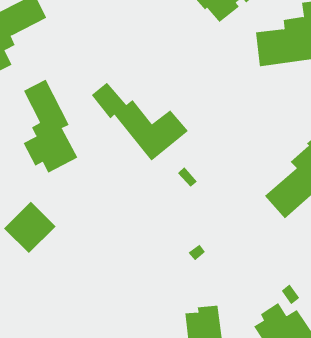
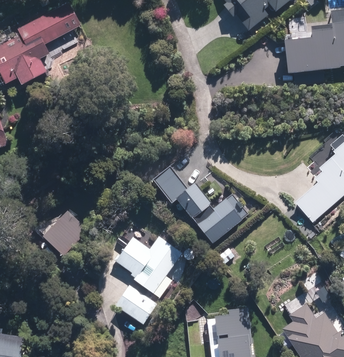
building: [23,79,78,173] -> none
building: [91,82,189,162] -> [153,166,249,244]
building: none -> [117,235,183,297]
building: none -> [118,284,158,322]

